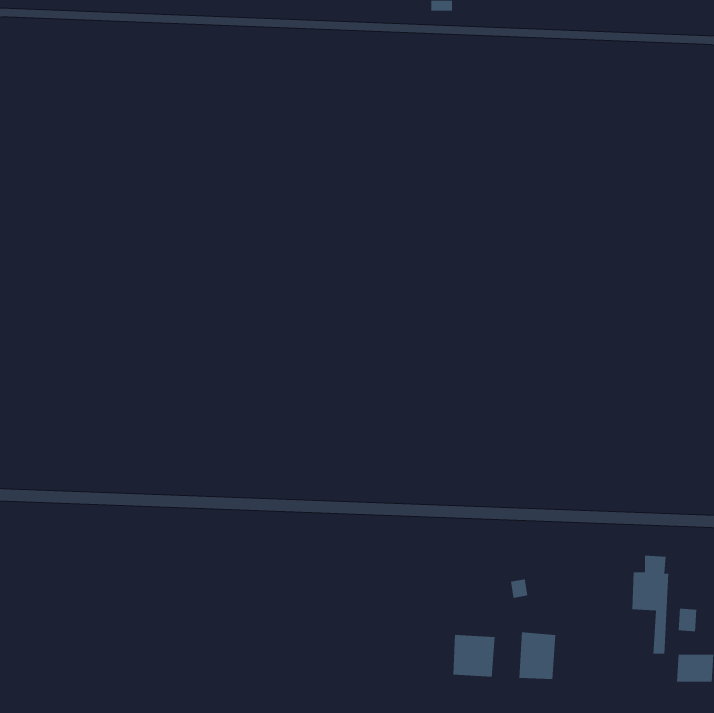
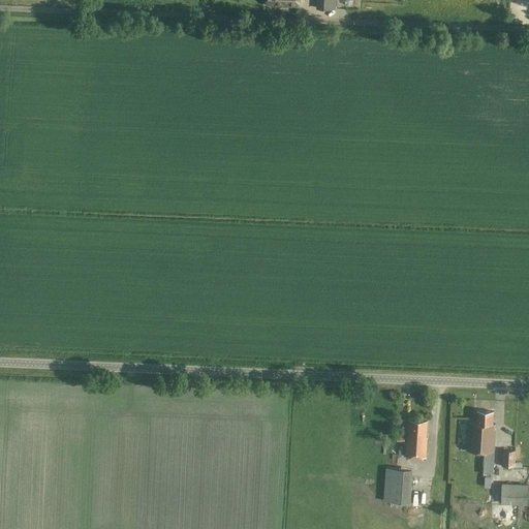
building: none -> [405,422,427,459]
building: [453,634,495,678] -> none

